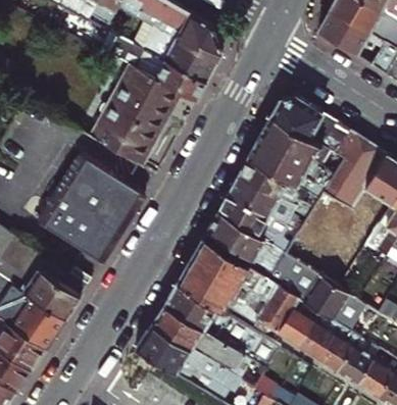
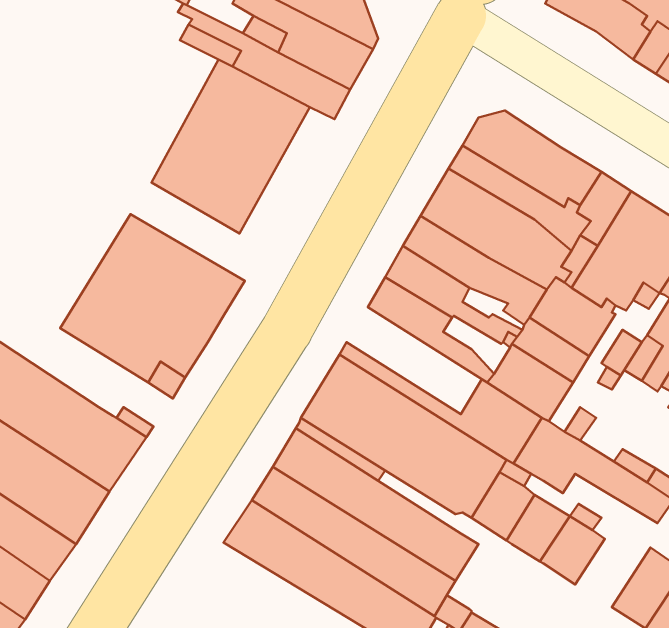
building: [203,210,282,272] -> none
building: [336,337,380,385] -> none

